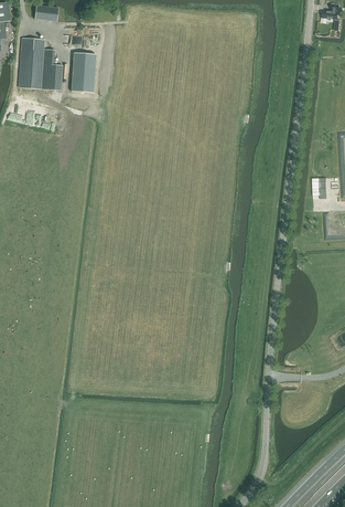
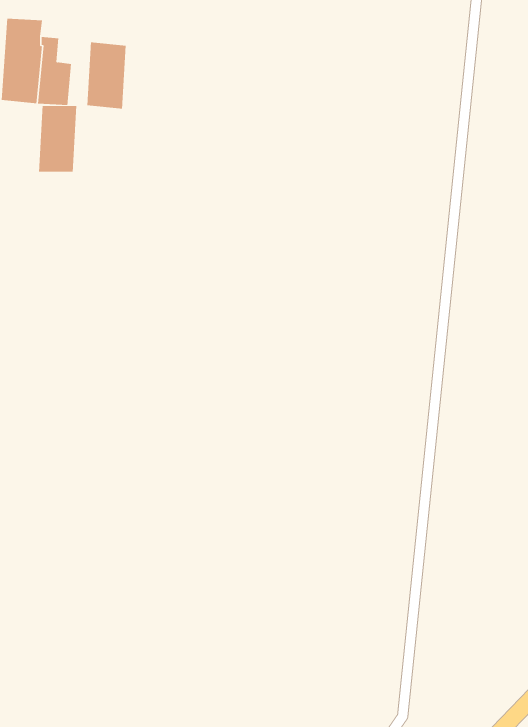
building: none -> [38,105,77,173]

